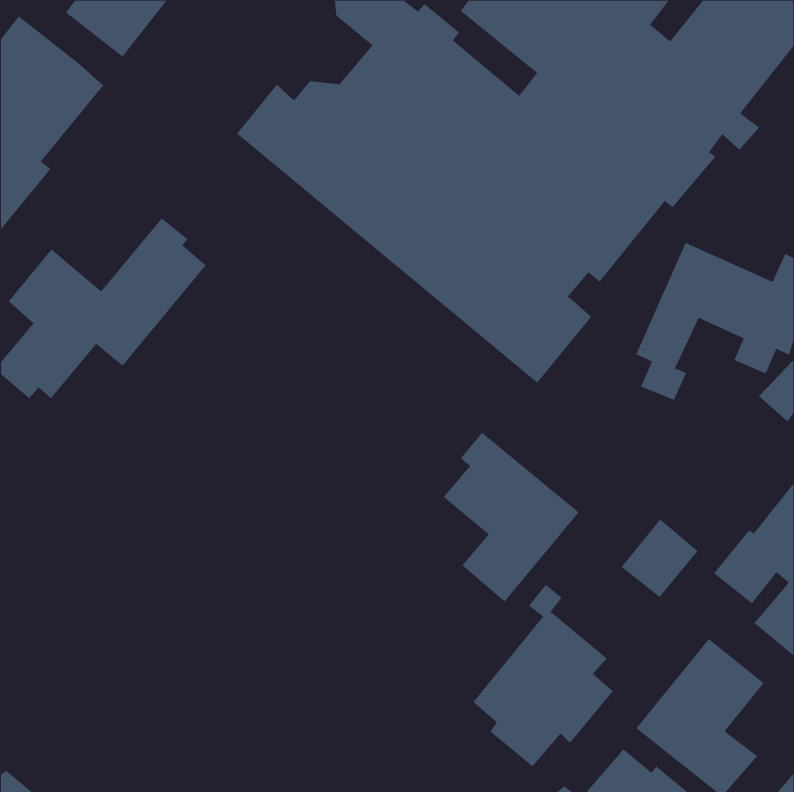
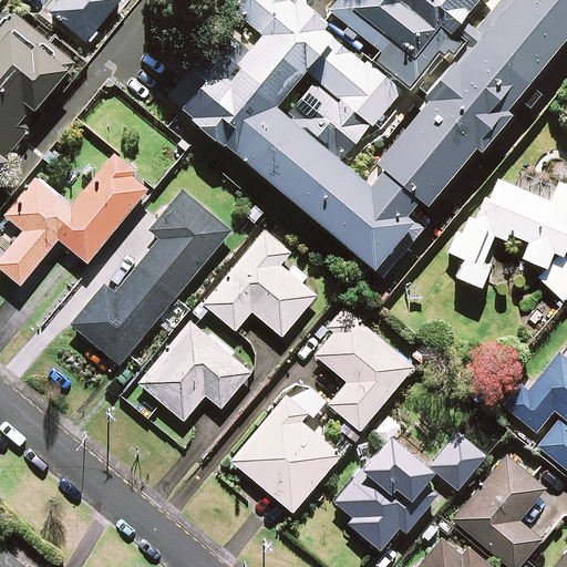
building: none -> [72,192,230,364]
building: none -> [204,231,316,337]
building: none -> [140,321,251,421]
building: [621,519,699,598] -> [430,433,485,489]
building: none -> [231,395,341,512]

